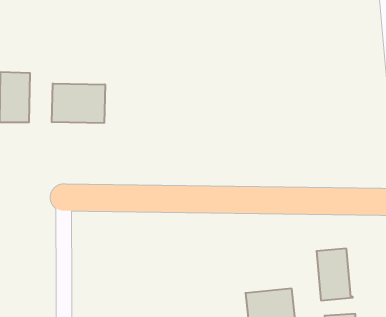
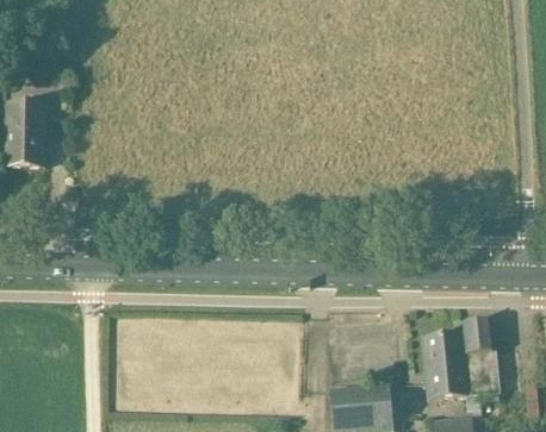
building: [52,83,105,123] -> none
building: none -> [460,319,500,394]

